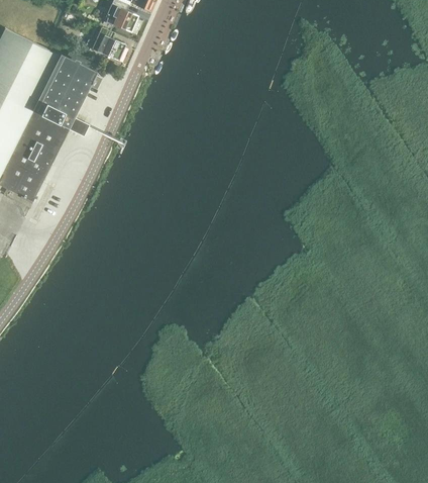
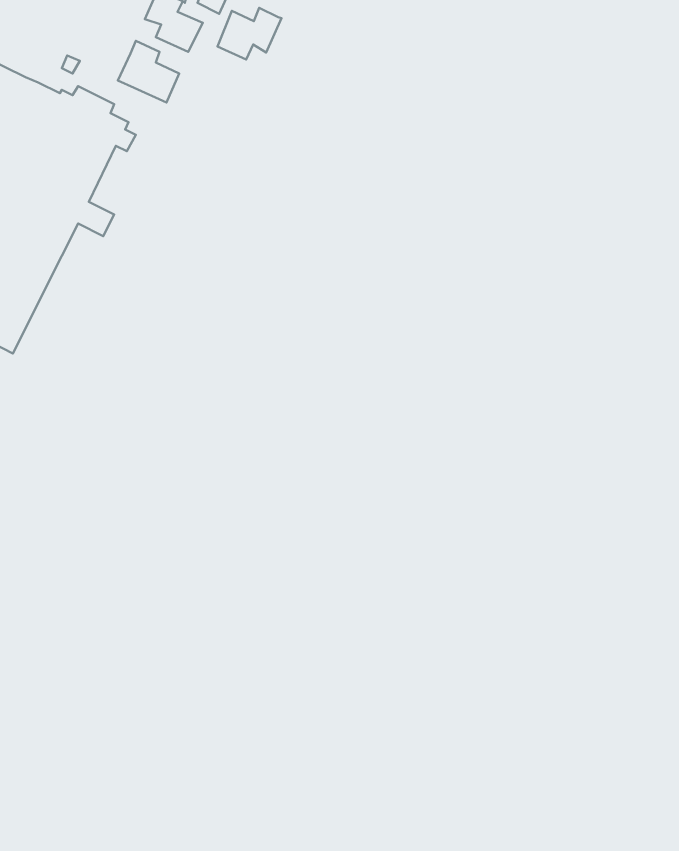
building: none -> [217,8,281,59]

